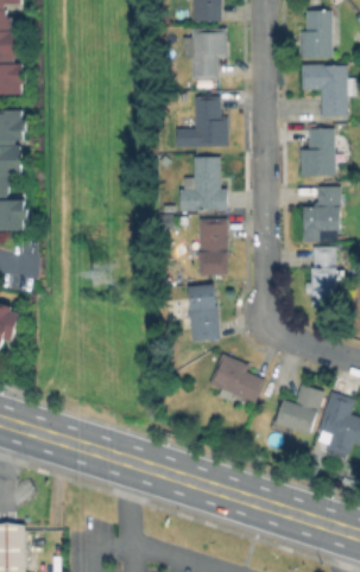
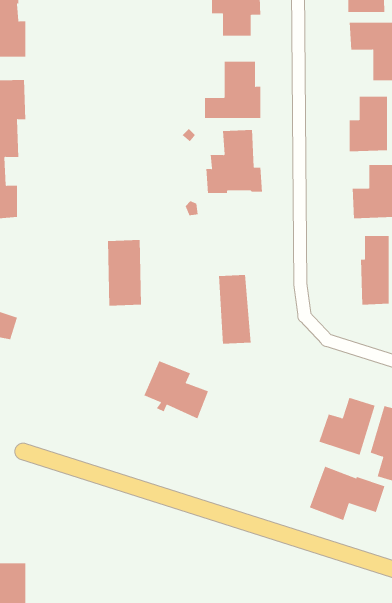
building: [198,218,228,275] -> [107,239,142,306]
building: [209,354,265,403] -> [143,361,209,419]
building: none -> [309,466,385,521]

